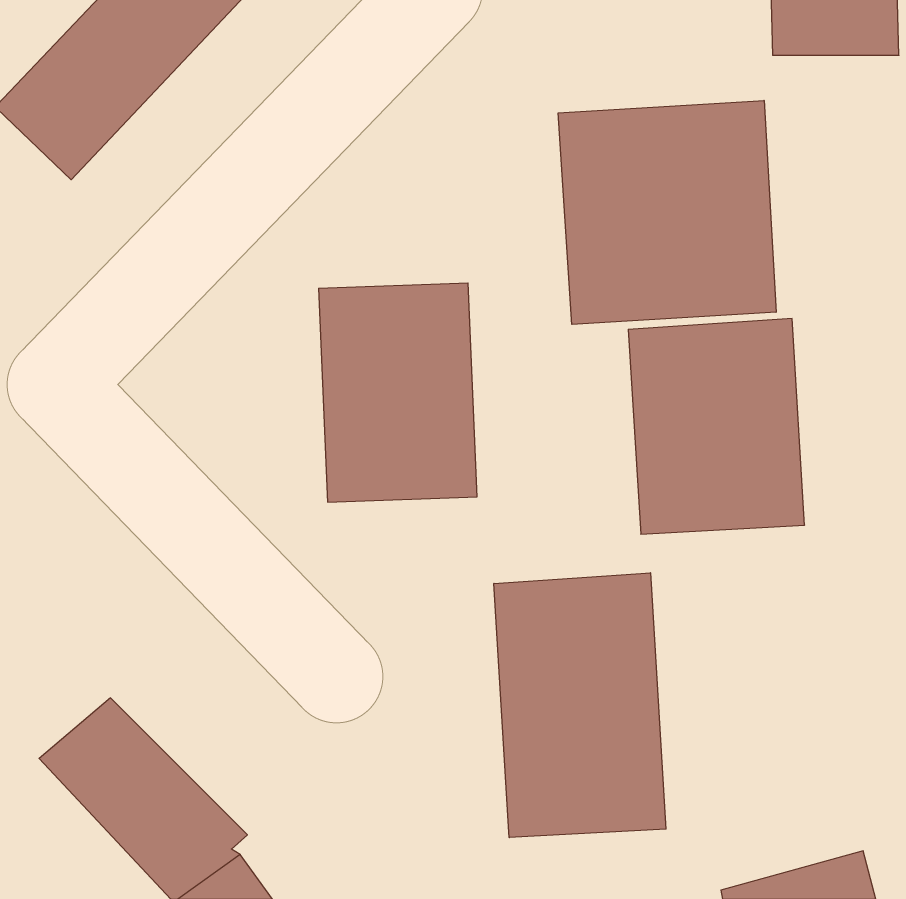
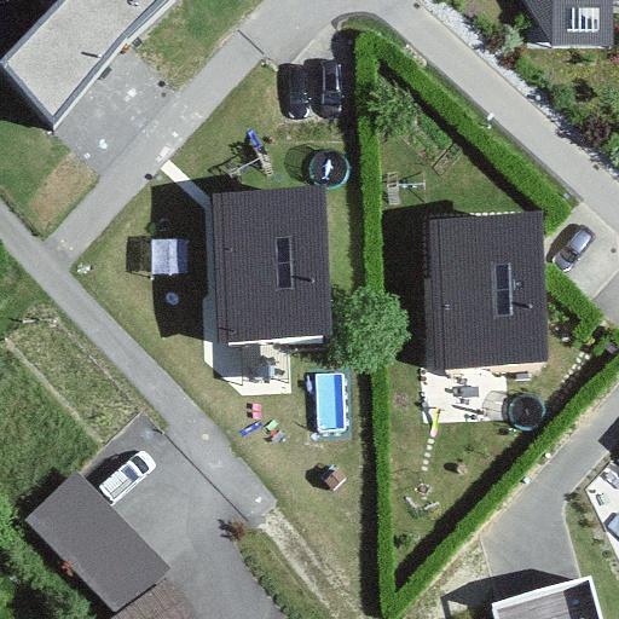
building: [558,100,776,324] -> none
building: [494,573,666,838] -> none

